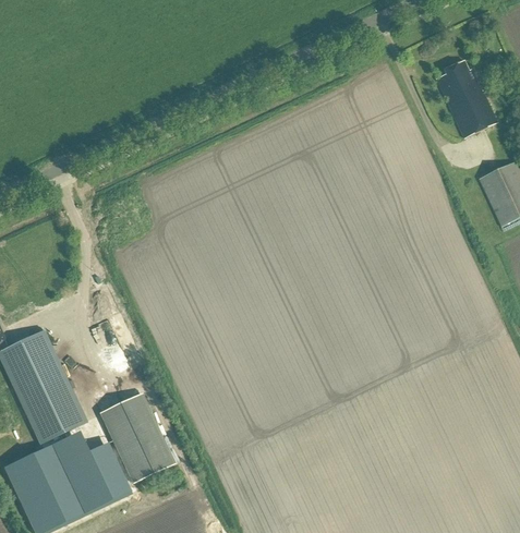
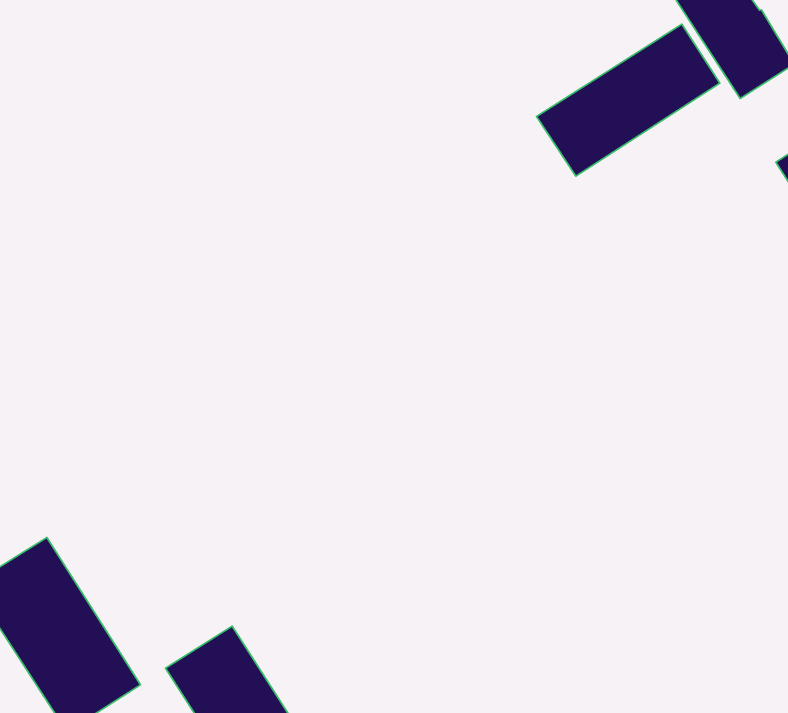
building: none -> [536,24,720,176]

